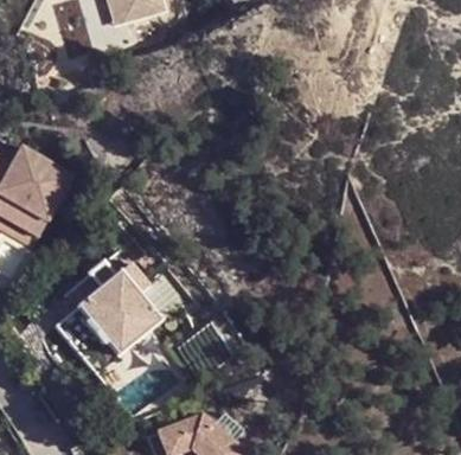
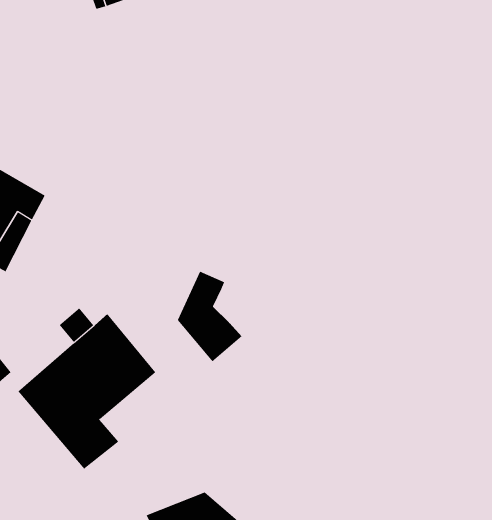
building: none -> [177,271,242,362]

